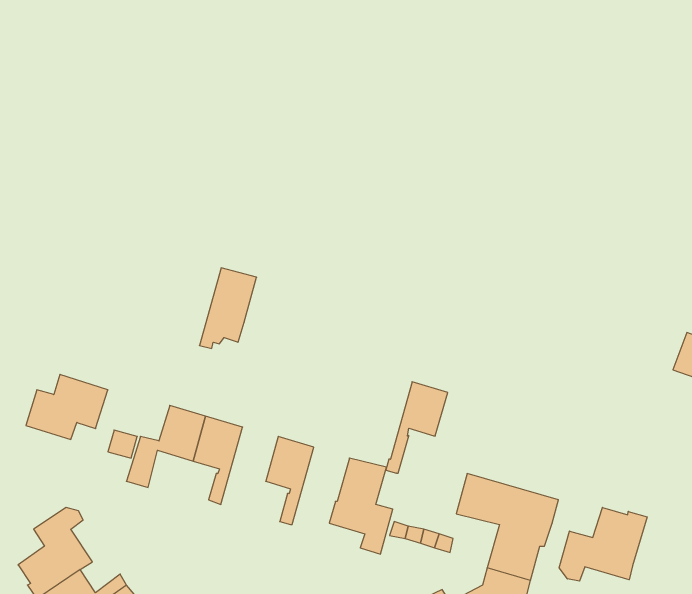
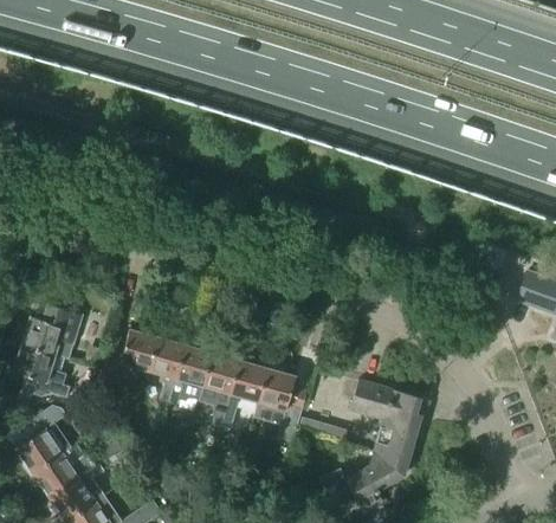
building: [199,268,257,348] -> [172,343,215,405]
building: [386,382,448,473] -> [222,359,270,428]
building: none -> [14,342,75,402]
building: [559,507,647,581] -> none

